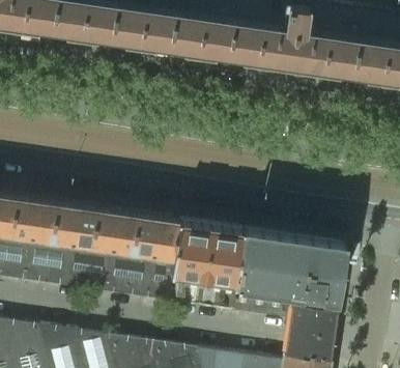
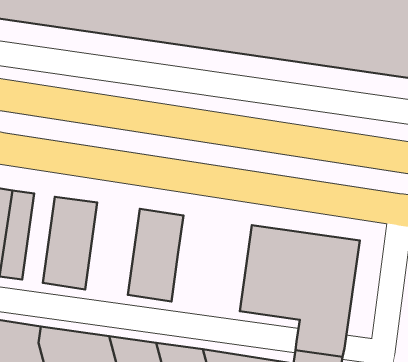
building: [27,199,58,284] -> none
building: [87,207,139,295] -> none
building: [169,220,246,311] -> none

